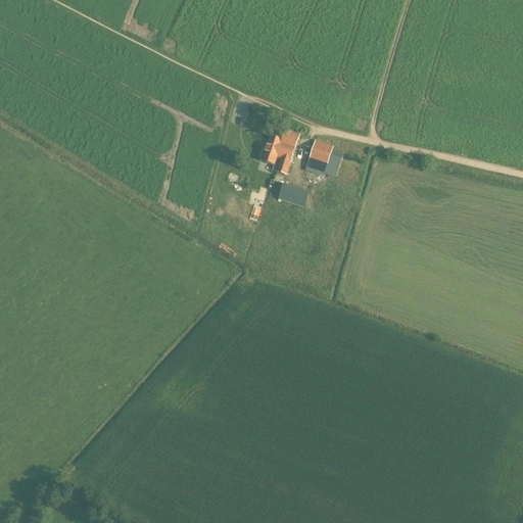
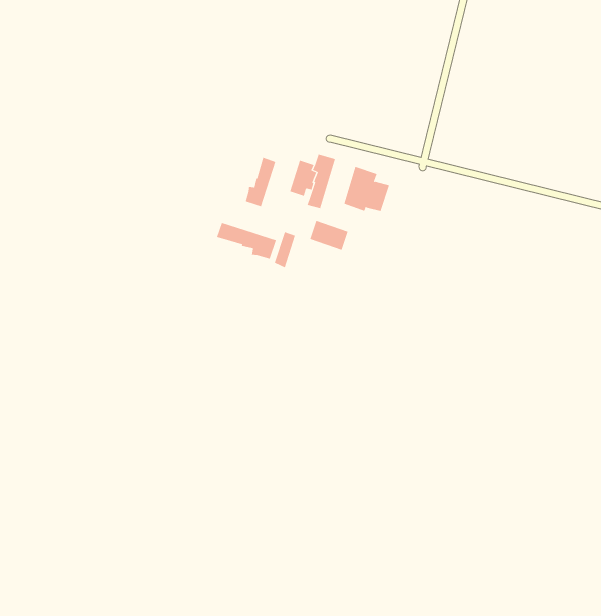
building: none -> [245,157,276,207]
building: none -> [216,222,277,260]

